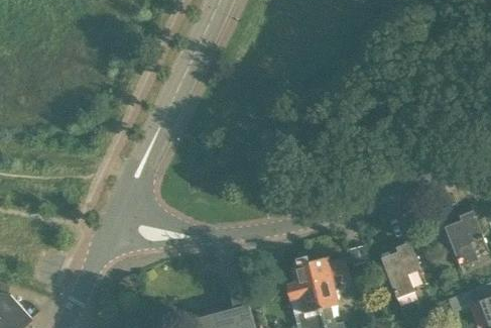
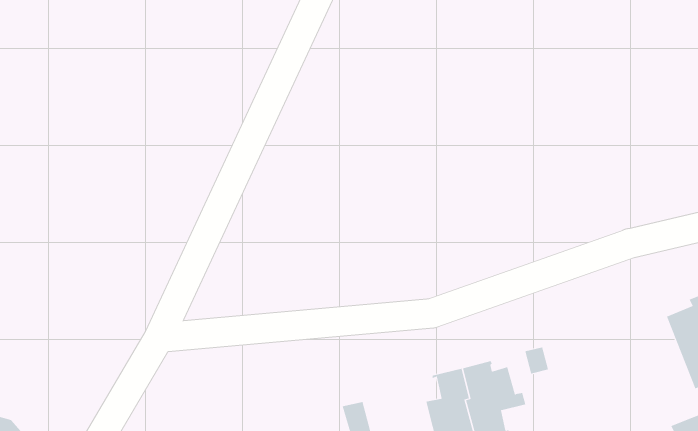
building: [379,241,425,298] -> none

